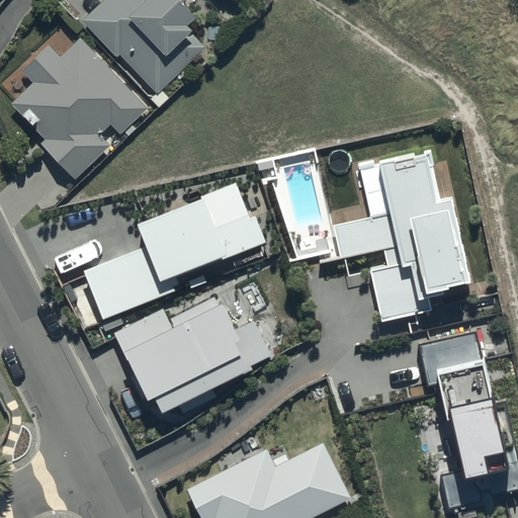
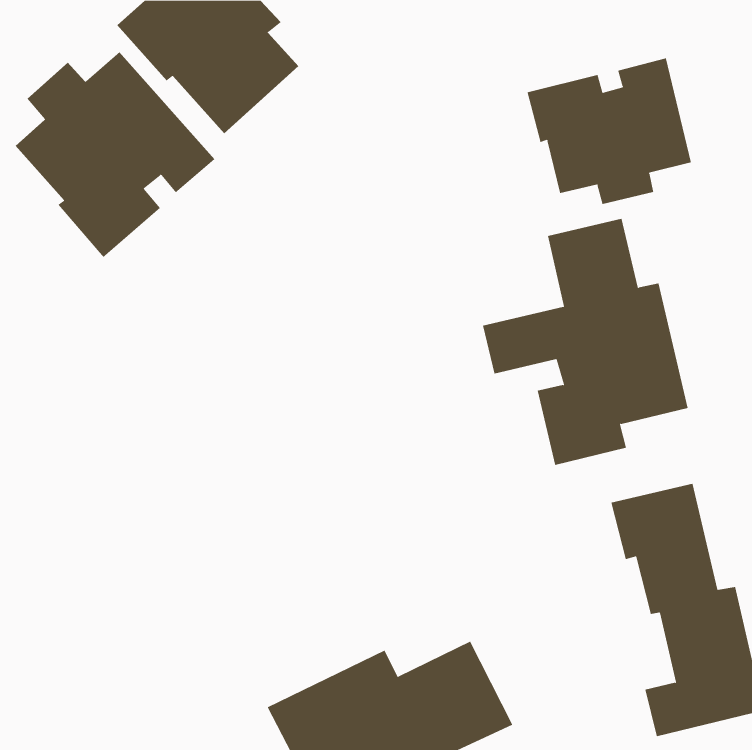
building: none -> [527,58,692,205]
building: [82,181,266,318] -> none
building: [121,305,248,410] -> none

